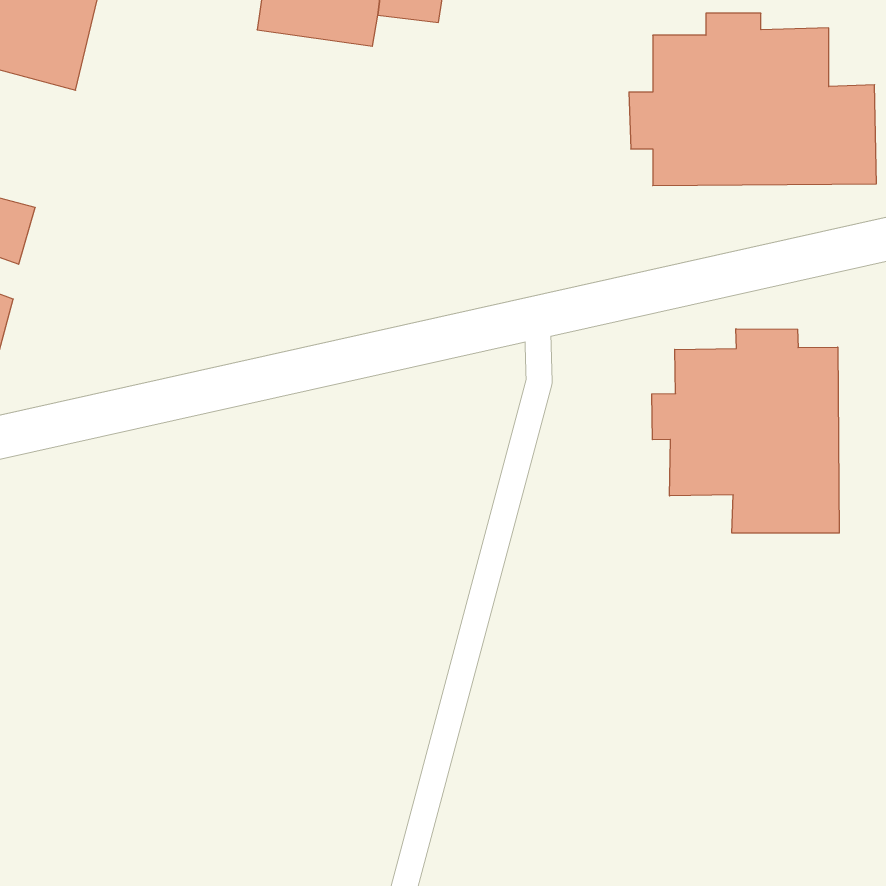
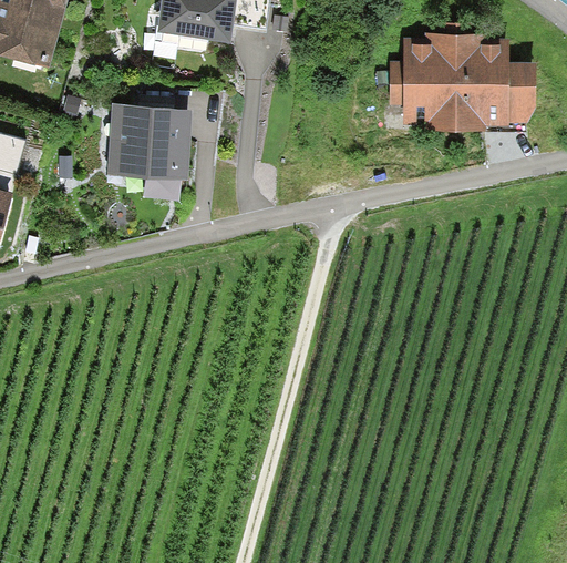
building: none -> [110,105,190,181]
building: [652,329,839,533] -> none

